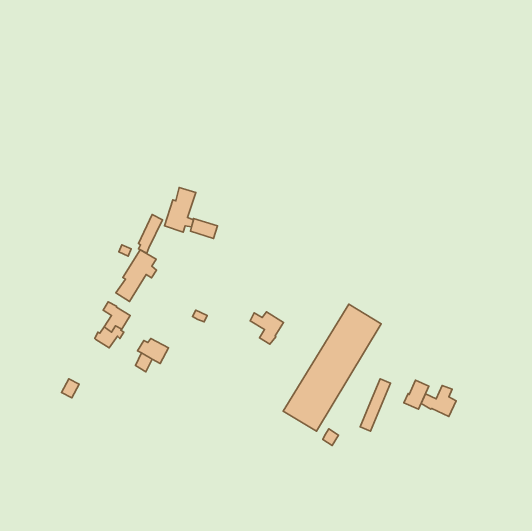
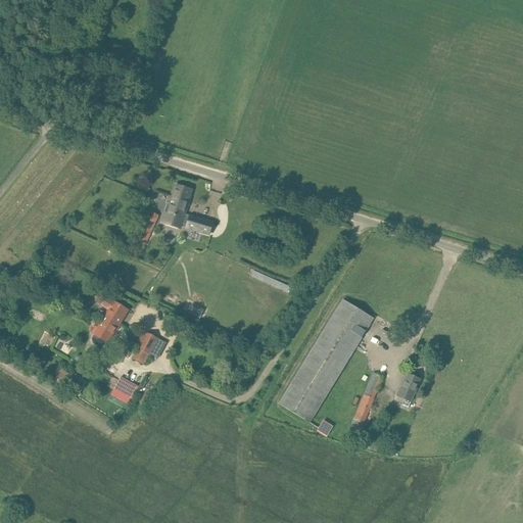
building: [116,250,156,301] -> none
building: [250,312,283,344] -> none
building: none -> [110,377,138,403]
building: [421,385,456,416] -> none

